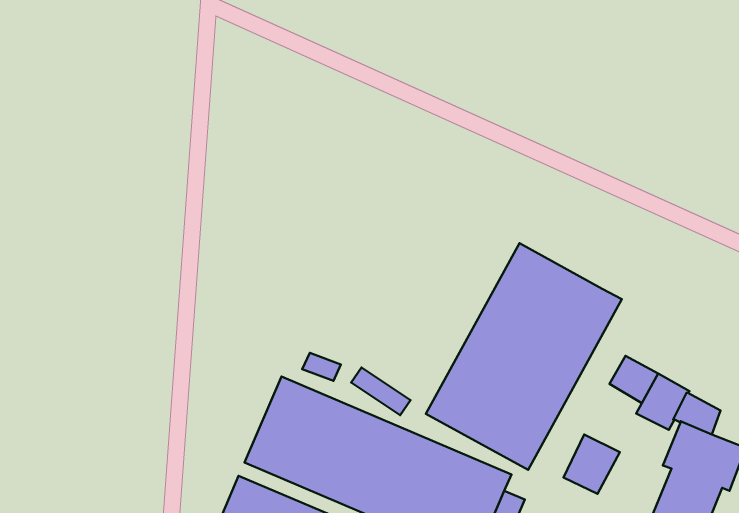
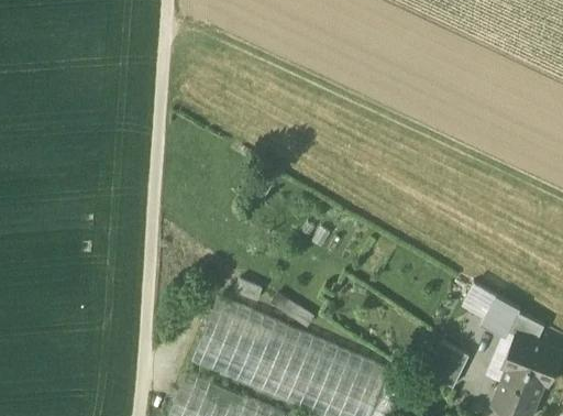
building: [426,243,622,470] -> none

